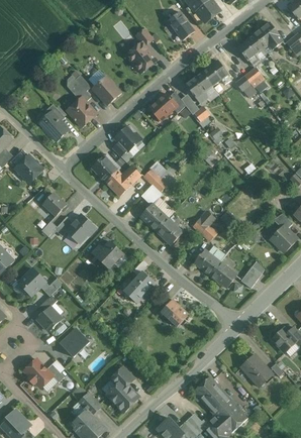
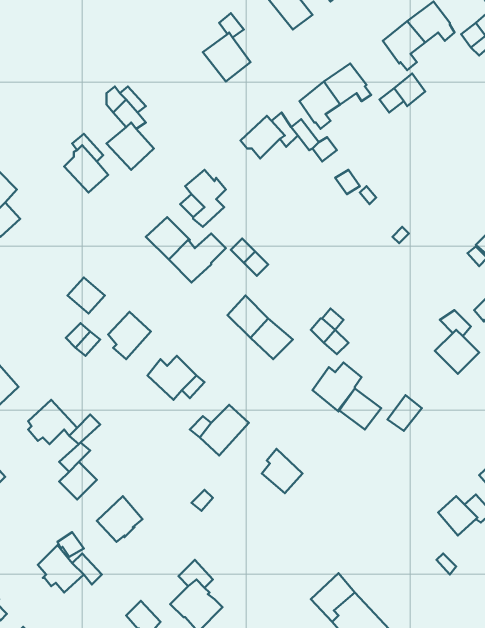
building: [93,77,119,104] -> none
building: [16,155,42,182] -> none
building: [240,354,272,387] -> none

